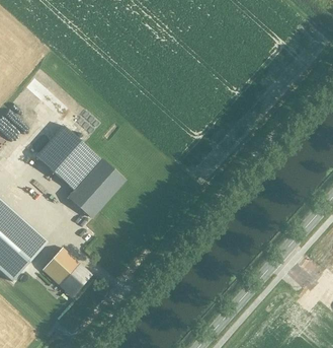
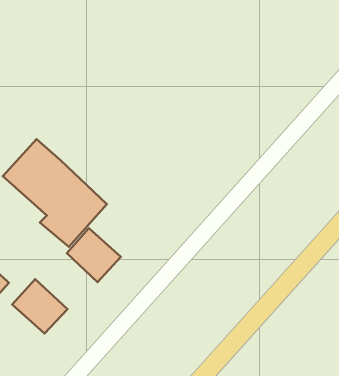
building: none -> [67,228,121,282]

